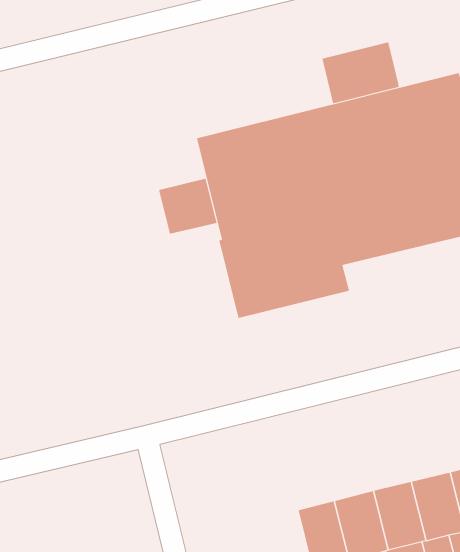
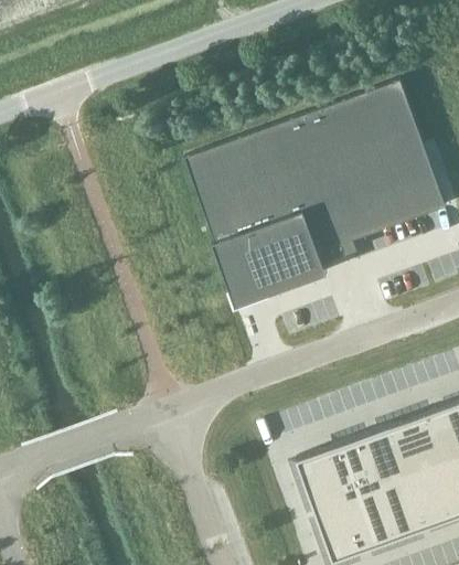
building: [322,42,399,104] -> none
building: [158,178,217,235] -> none

